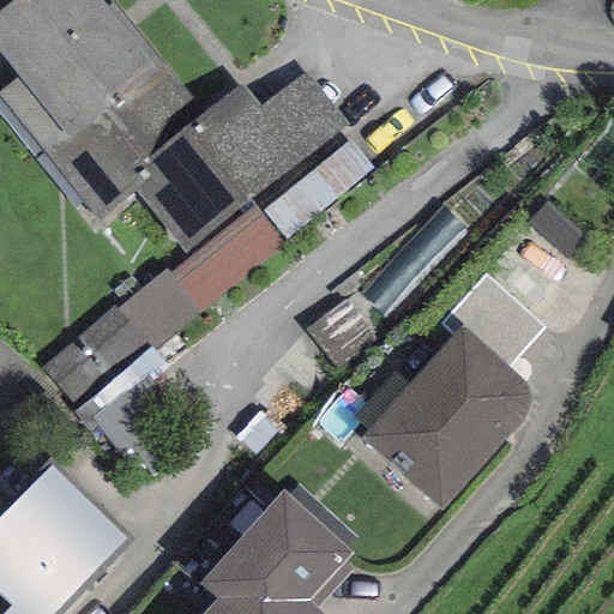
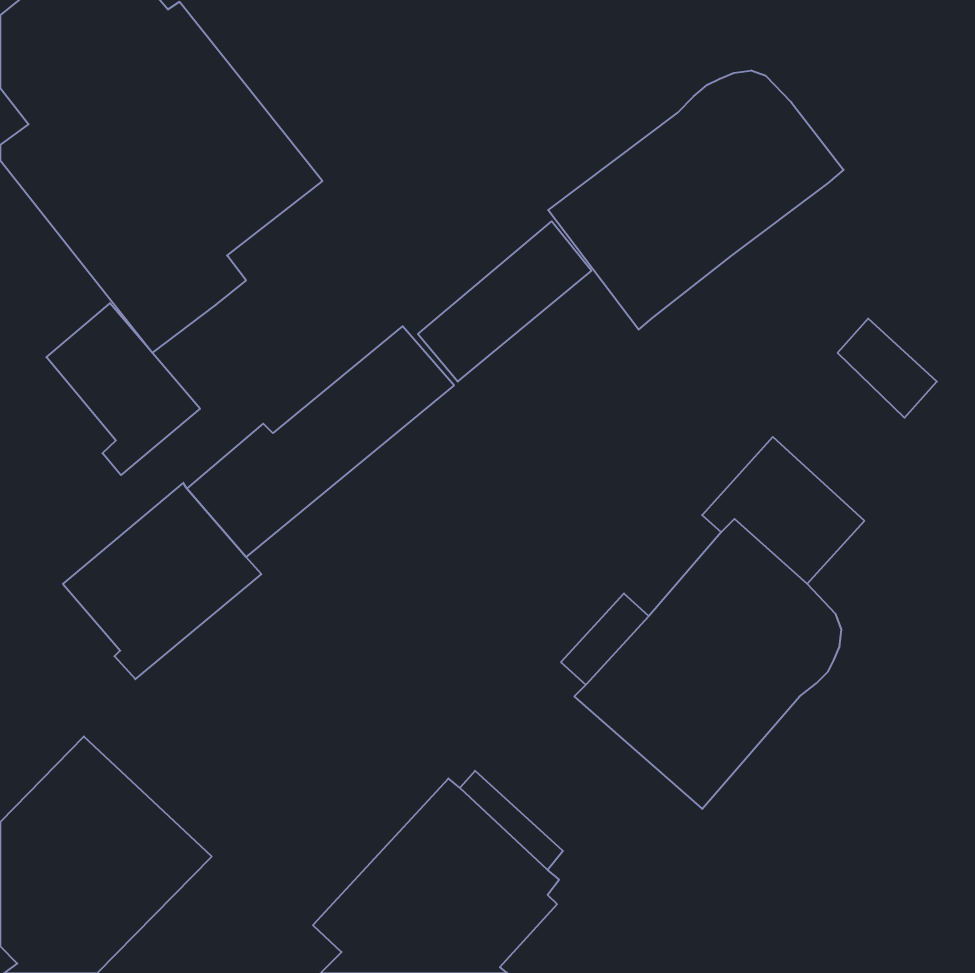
building: none -> [548,70,844,330]
building: [136,72,348,253] -> none
building: none -> [46,303,200,475]

